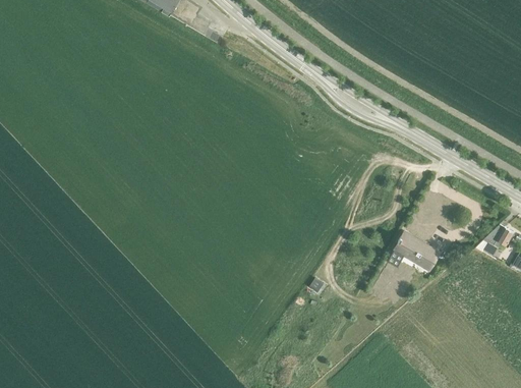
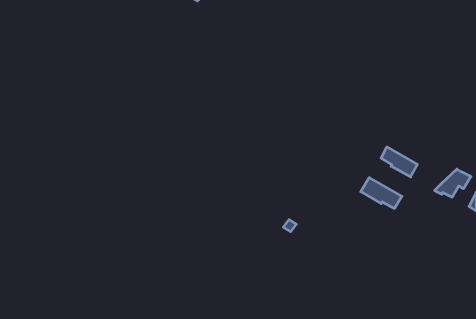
building: none -> [381,147,417,177]

